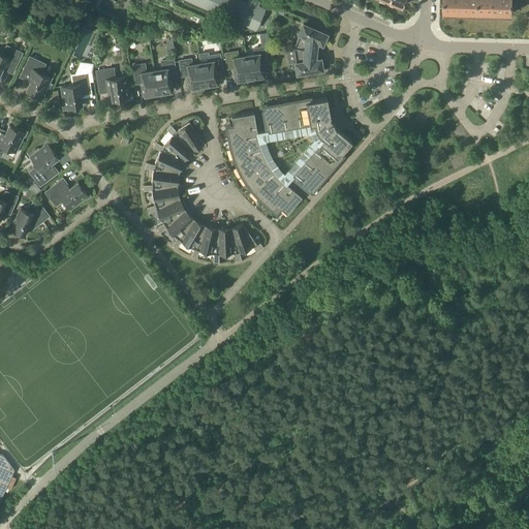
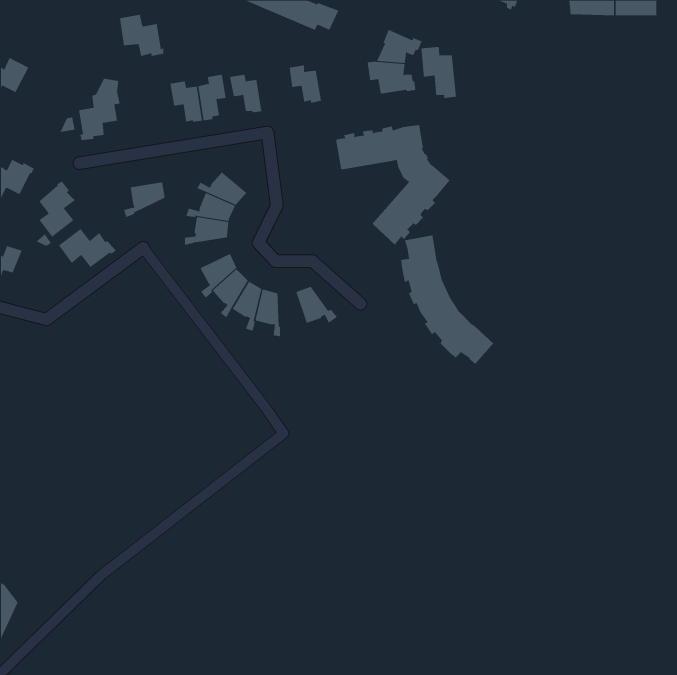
building: none -> [421,46,457,99]
building: [247,48,269,81] -> none
building: [200,55,222,89] -> none
building: [20,58,52,101] -> none
building: [96,69,131,102] -> [119,14,164,57]
building: [228,114,302,215] -> [400,235,494,365]
building: [166,123,204,153] -> none
building: [147,187,180,215] -> [123,182,166,218]
building: [11,204,50,237] -> none
building: [217,229,242,263] -> none

